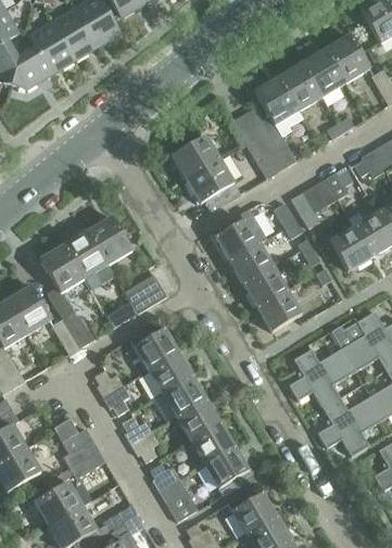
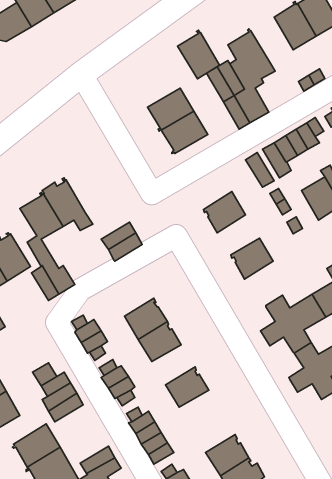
building: [278,61,321,111] -> [177,30,220,79]
building: [214,209,266,260] -> none
building: [88,214,132,264] -> none
building: [243,266,287,307] -> none
building: [129,328,178,370] -> none
building: [176,399,220,441] -> none
building: [204,446,249,495] -> none

